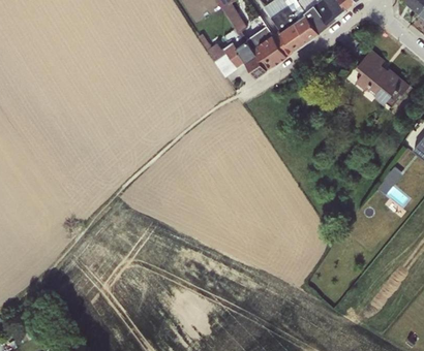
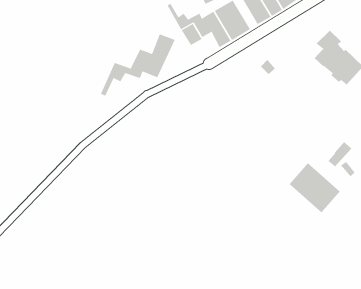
building: none -> [100,34,176,96]
building: none -> [289,162,341,213]

